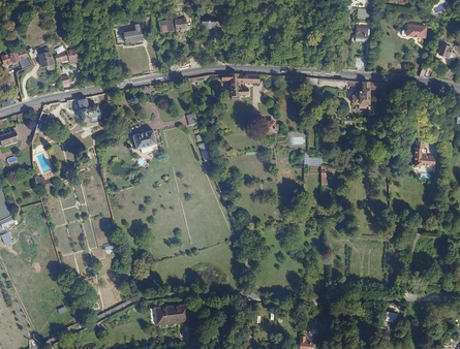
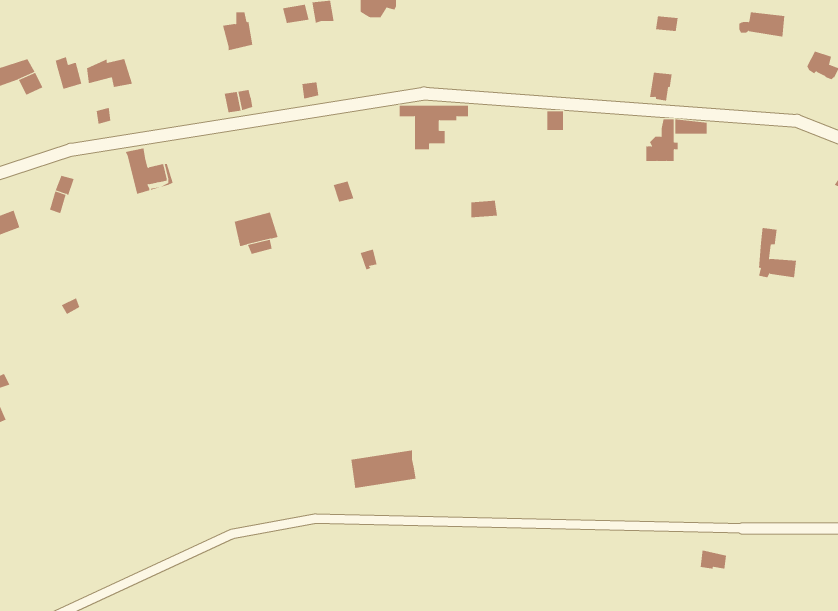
building: [154,304,189,324] -> [351,450,417,489]

